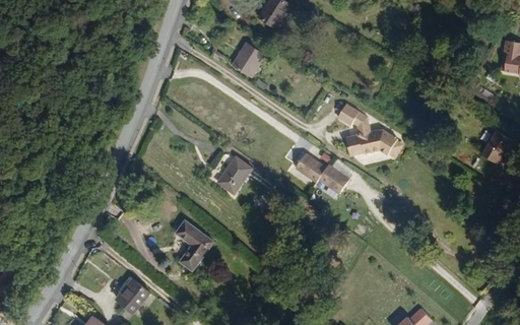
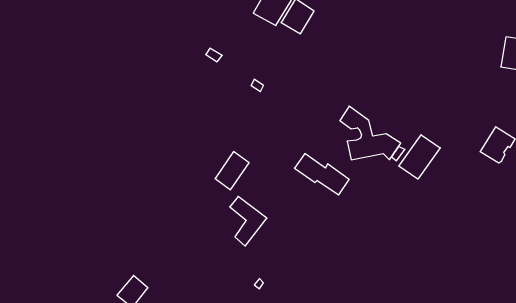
building: [230,47,262,81] -> none
building: none -> [399,135,440,179]
building: [177,220,213,269] -> [230,196,267,246]

